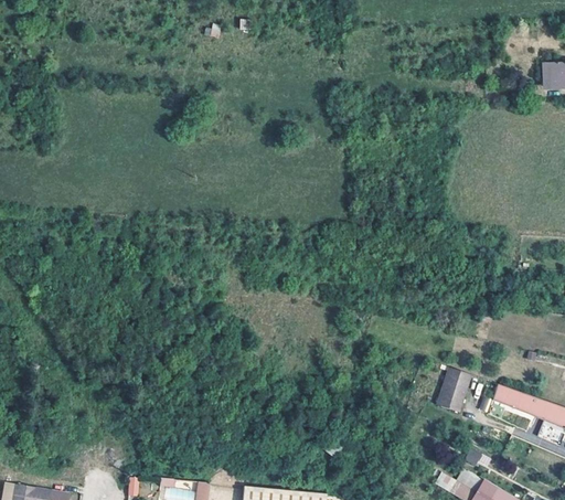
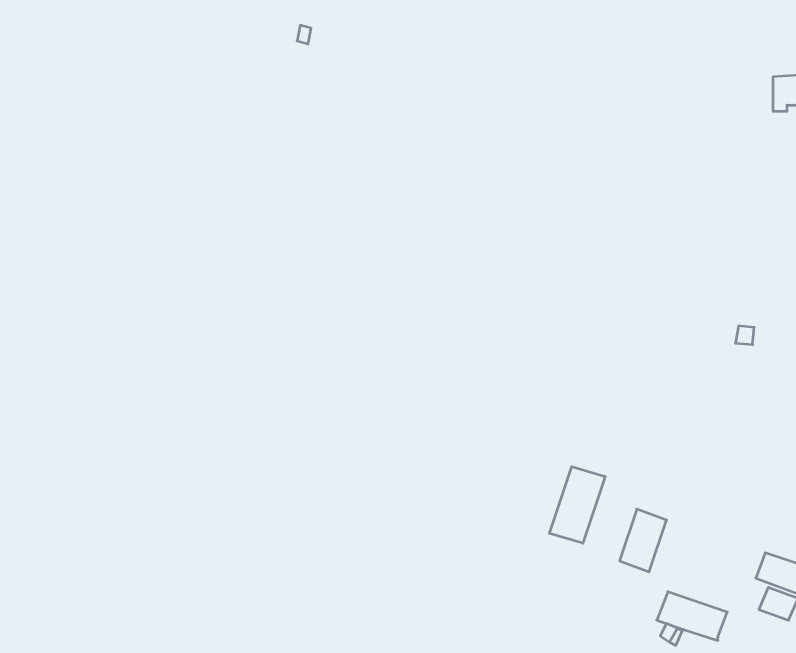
building: none -> [549,467,605,543]
building: [492,382,542,416] -> [657,592,727,640]

